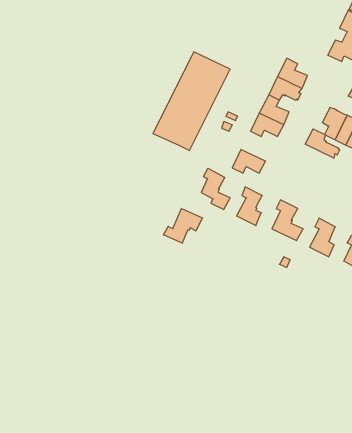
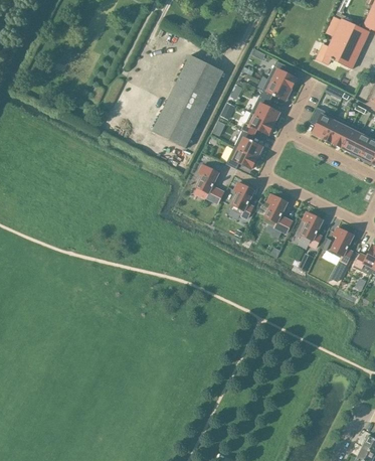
building: [305,129,340,158] -> none
building: none -> [233,130,261,158]
building: [163,208,203,243] -> none

